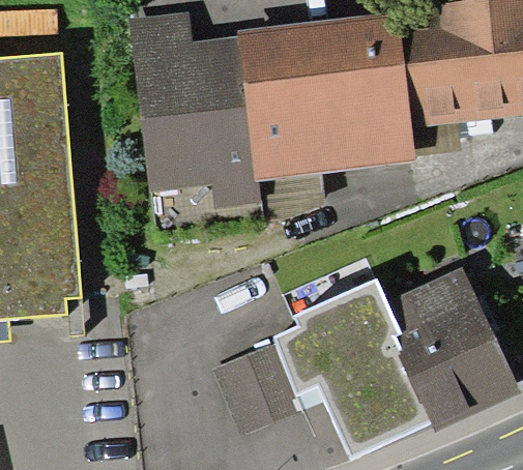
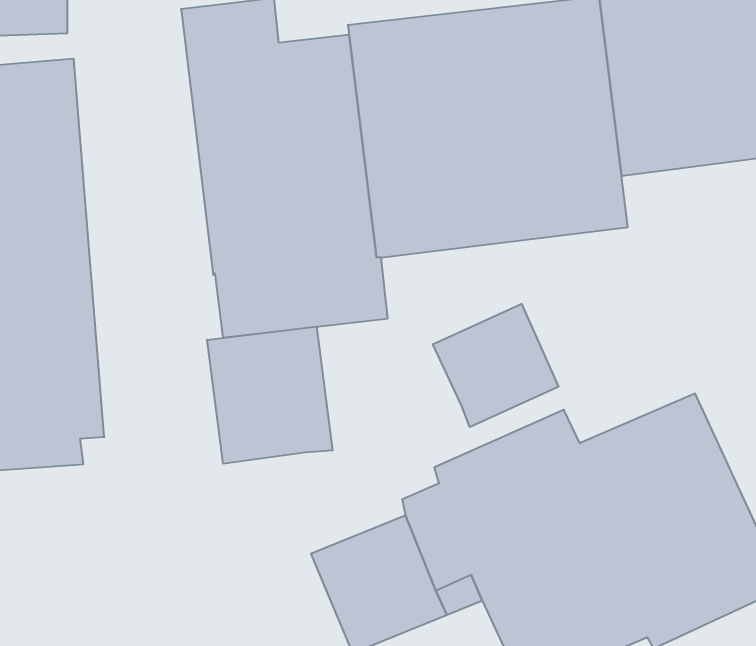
building: none -> [433,304,558,427]
building: none -> [207,327,333,464]

